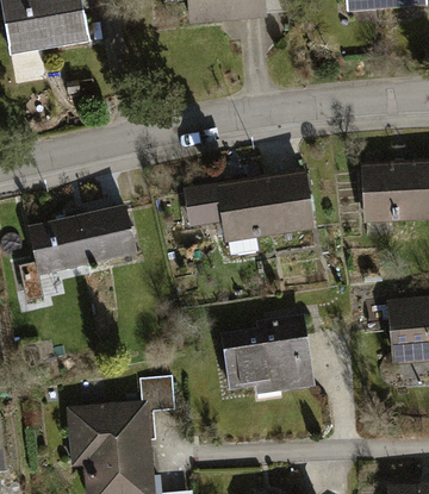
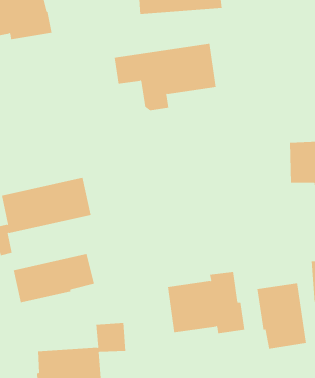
building: [193,174,312,252] -> [114,43,216,111]
building: none -> [13,253,95,303]
building: none -> [257,283,307,350]

